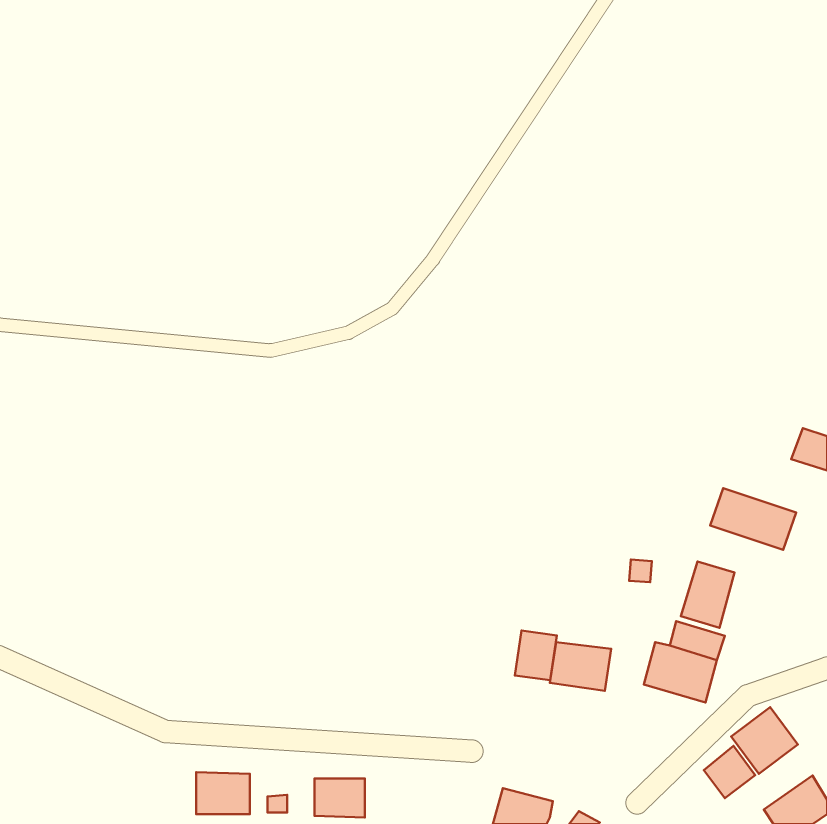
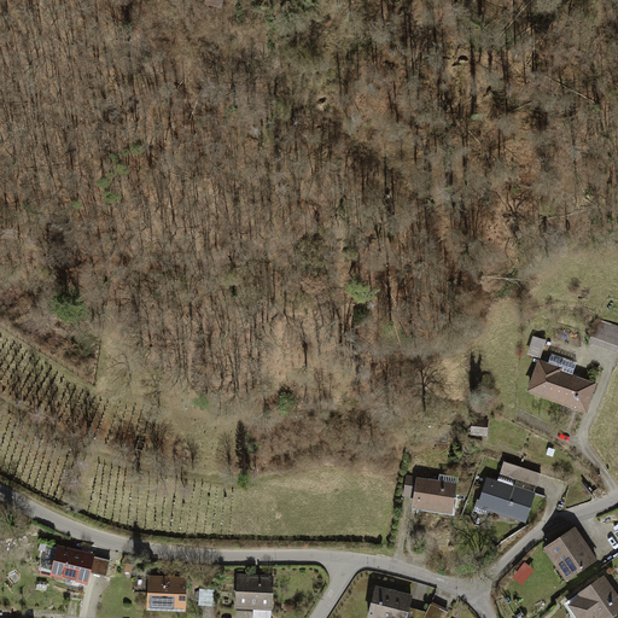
building: [681,561,734,628] -> none
building: [515,631,557,680] -> none
building: none -> [52,543,97,581]
building: [704,746,755,798] -> none

